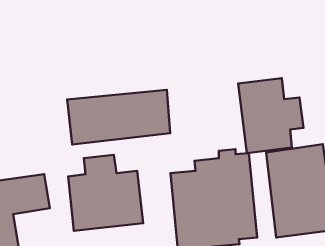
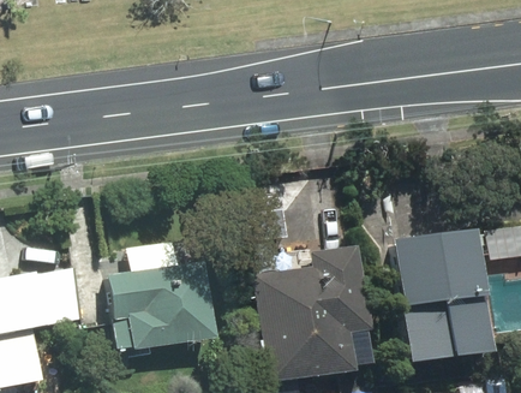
building: [238,78,303,153] -> none
building: [67,90,170,145] -> none

